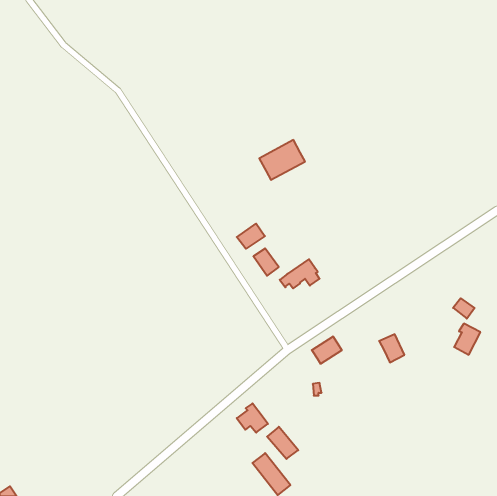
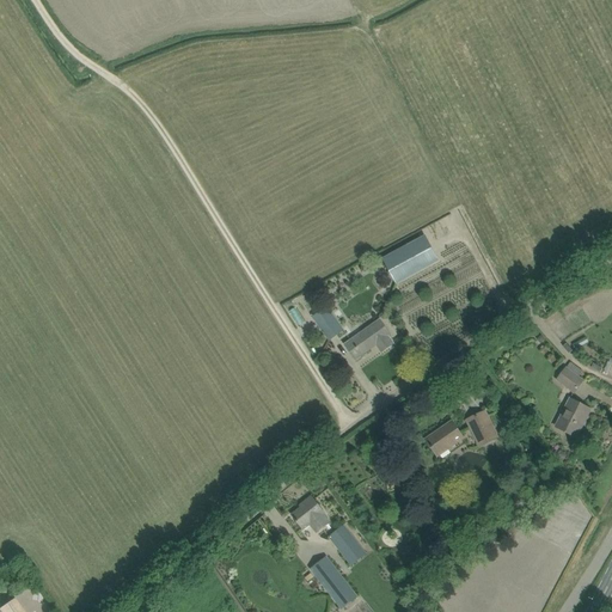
building: [259,140,305,180] -> [381,233,437,282]
building: [237,224,265,249] -> none
building: [312,337,342,364] -> [424,420,461,453]

